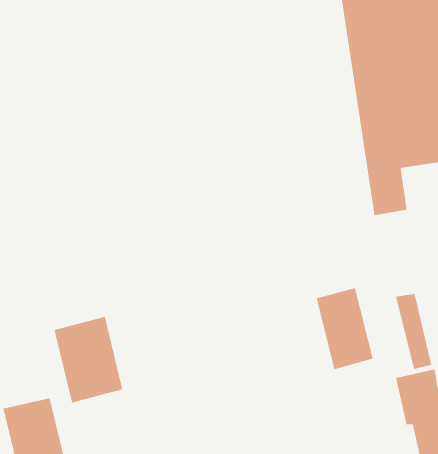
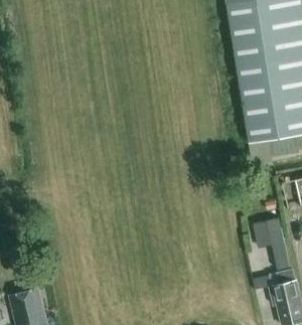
building: [316,287,374,370] -> none
building: [54,316,123,403] -> none

